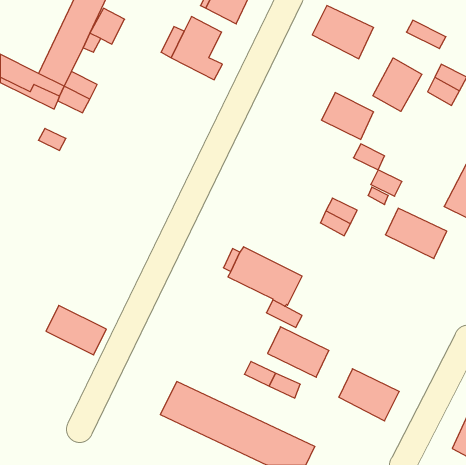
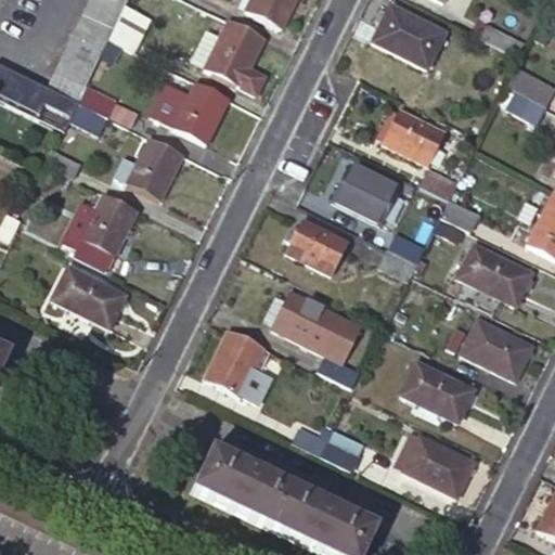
building: [373,58,422,111] -> none
building: none -> [151,82,229,143]
building: none -> [115,138,183,199]
building: none -> [333,165,398,223]
building: none -> [64,194,138,270]
building: none -> [286,219,348,273]
building: none -> [461,319,532,379]
building: none -> [205,331,270,402]
building: [46,305,106,355] -> [53,268,125,326]
building: [268,327,329,377] -> [401,361,474,421]

